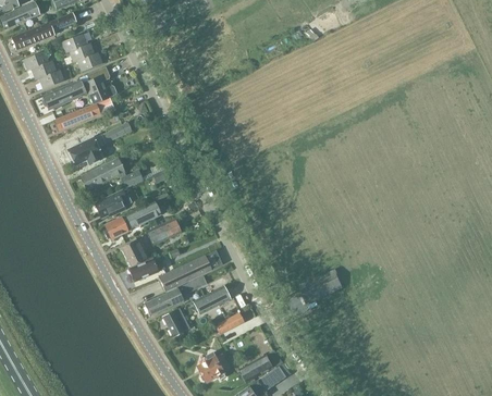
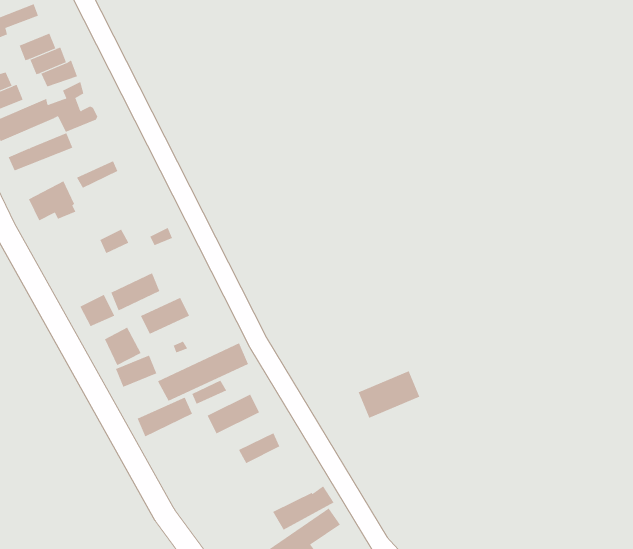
building: [79,157,124,189] -> none
building: [94,189,131,216] -> none
building: [162,307,189,335] -> none
building: [198,350,226,381] -> none

